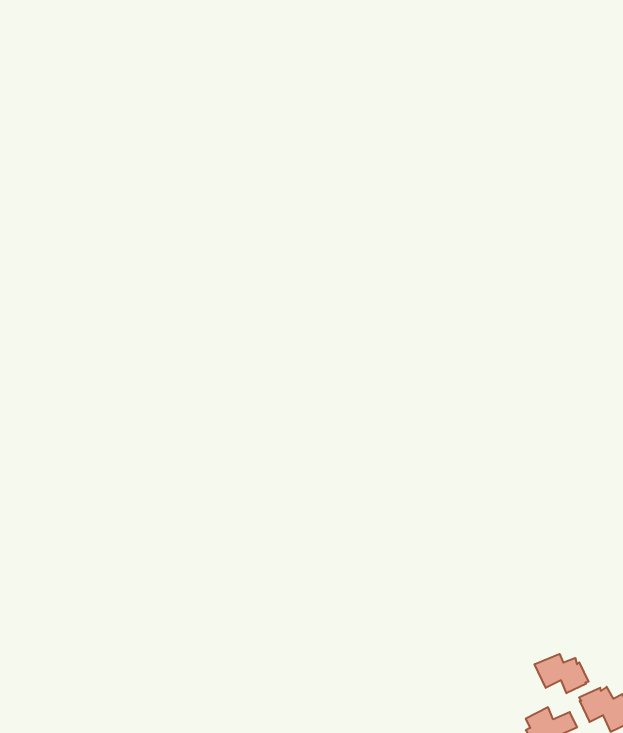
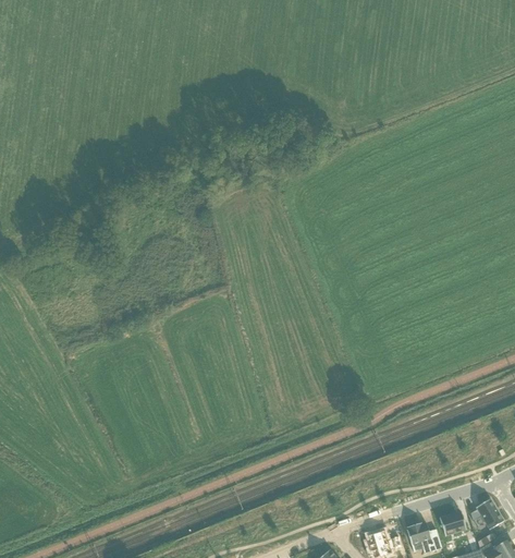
building: [535,654,589,693] -> none

